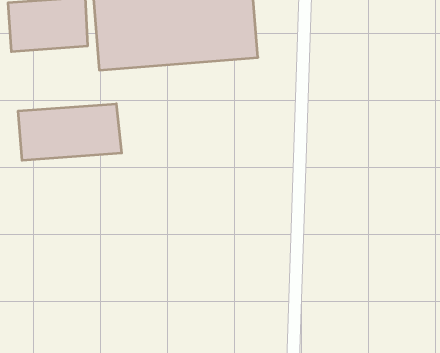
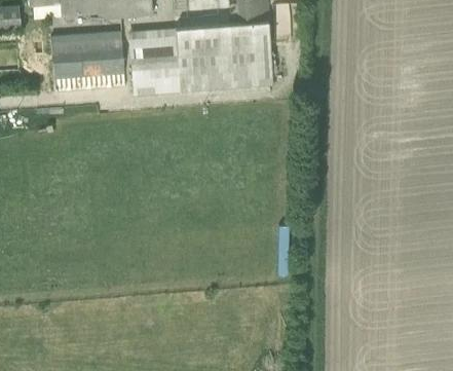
building: [18,104,122,160] -> none

